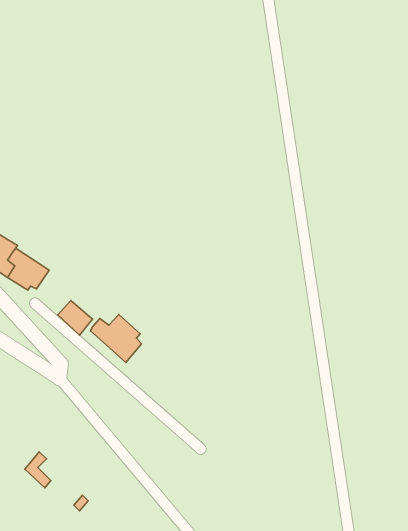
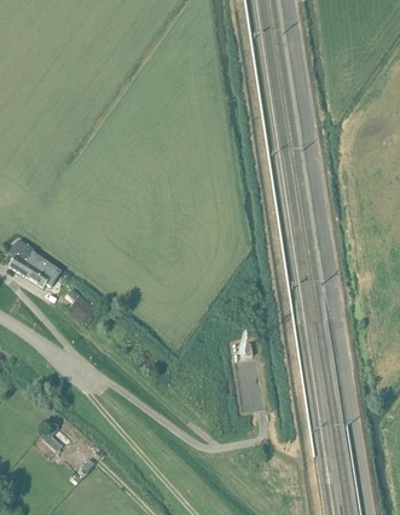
building: [90,315,142,363] -> none

